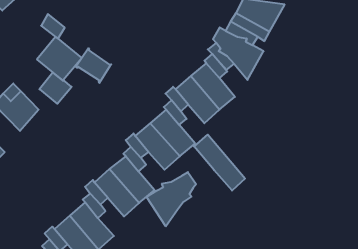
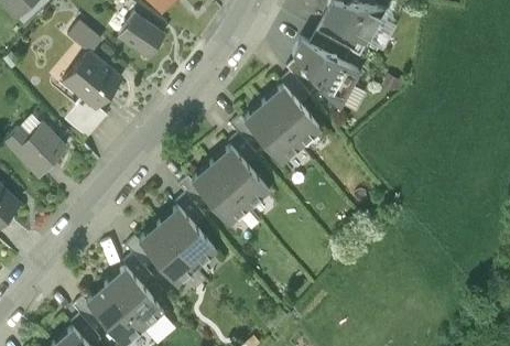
building: [76,48,111,83] -> [118,13,164,58]
building: [194,135,245,191] -> none
building: [146,172,196,226] -> none

